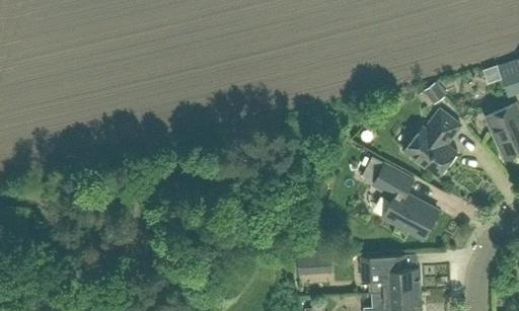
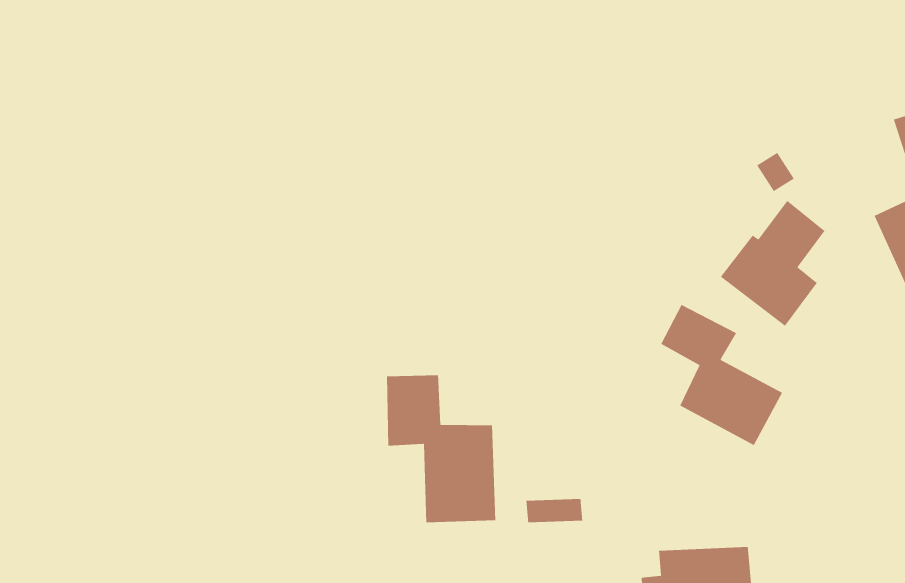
building: none -> [386,375,496,523]
building: [360,254,420,293] -> none

